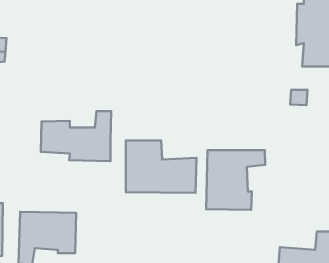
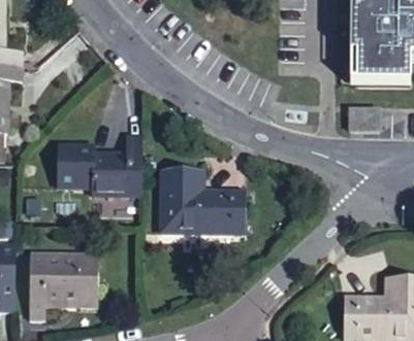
building: [206,150,265,210] -> none

